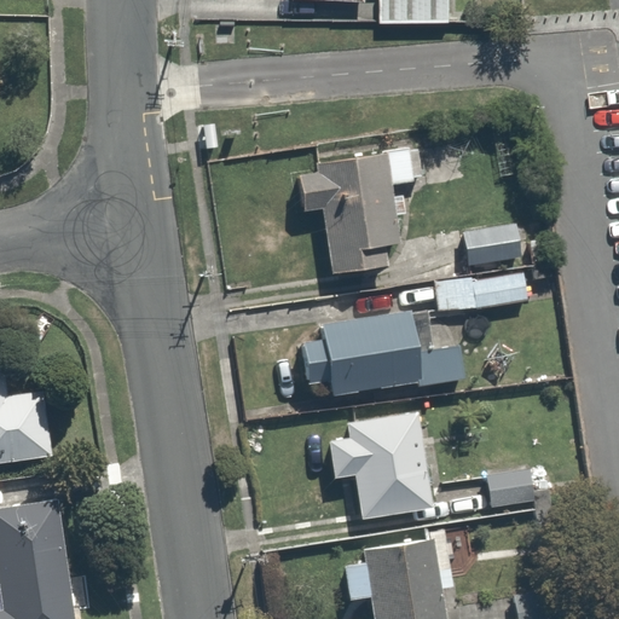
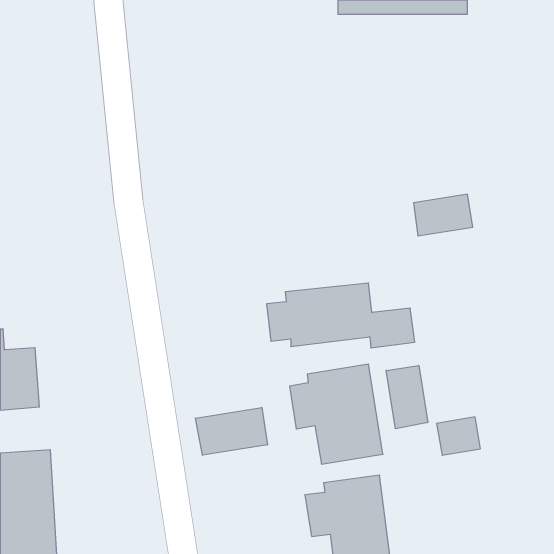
building: [296,145,421,277] -> none
building: [434,272,531,313] -> none
building: none -> [386,365,428,429]
building: none -> [195,407,268,455]

